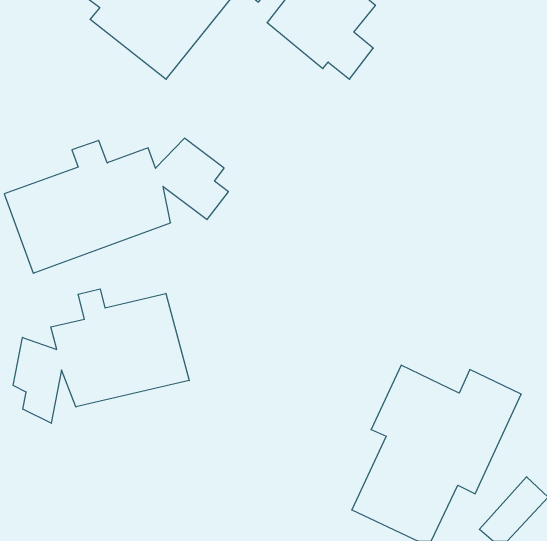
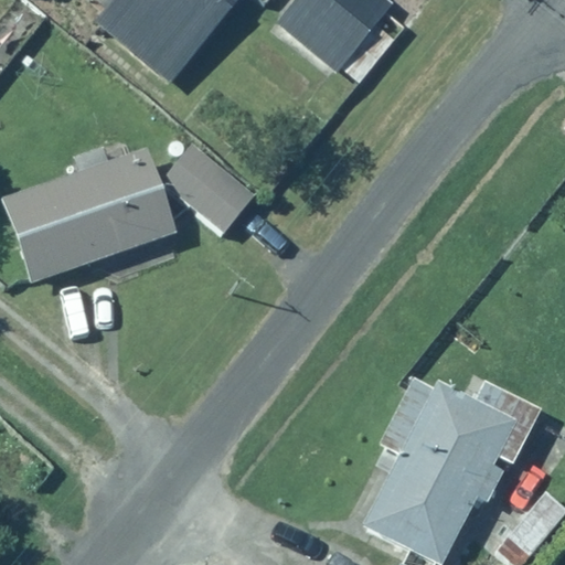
building: [13,289,189,423] -> none

